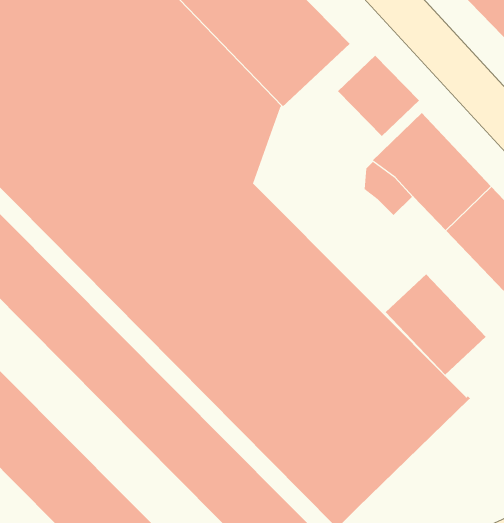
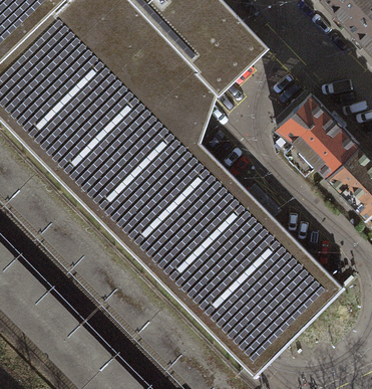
building: [337,55,420,137] -> none
building: [385,274,487,376] -> none

